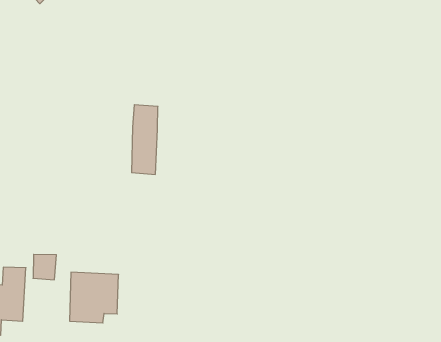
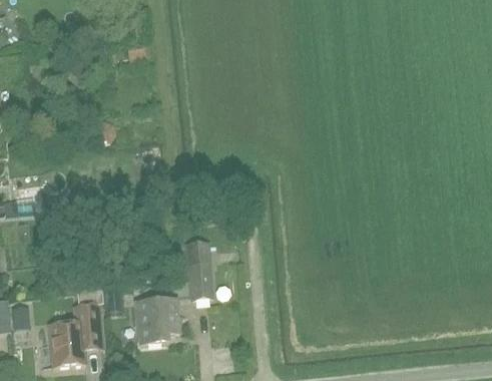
building: [132,105,158,174] -> [184,242,209,300]

